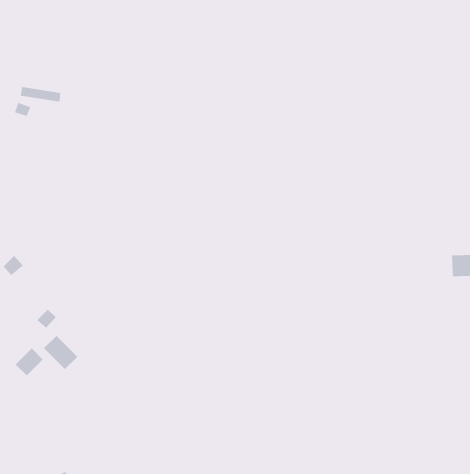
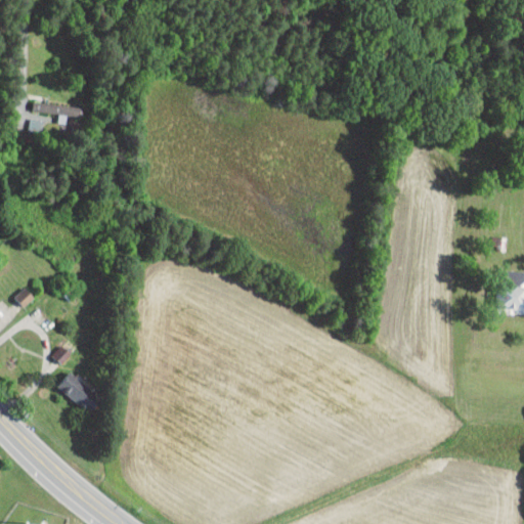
building: [15,348,44,376] -> none

